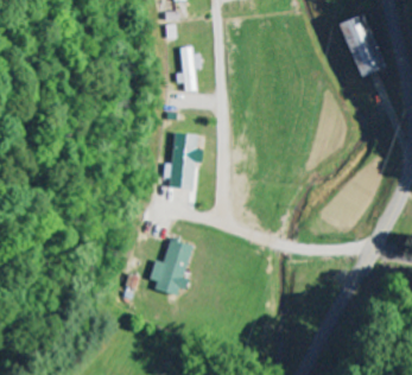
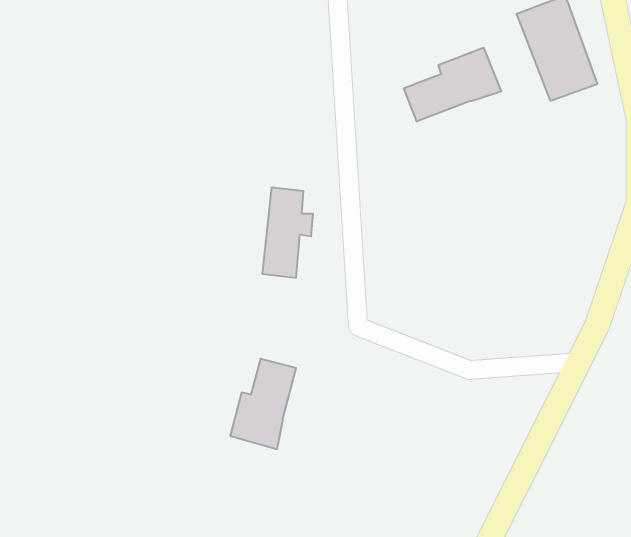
building: none -> [404,48,501,122]
building: [182,44,201,90] -> none

